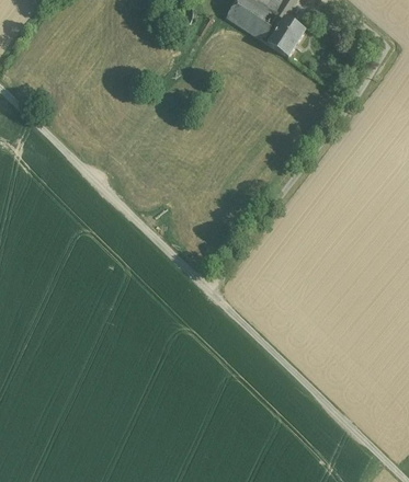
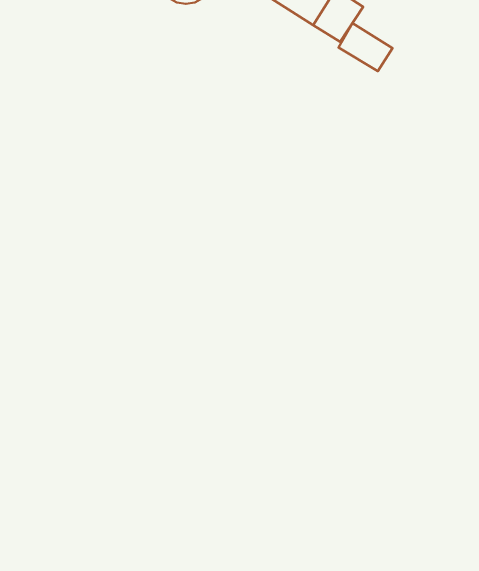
building: none -> [339,23,393,71]

